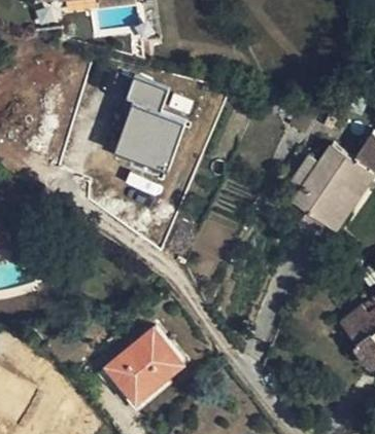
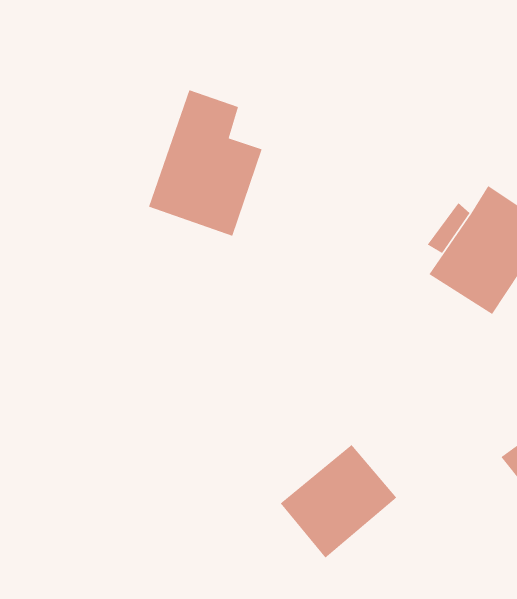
building: [106,327,183,402] -> [280,444,397,558]

